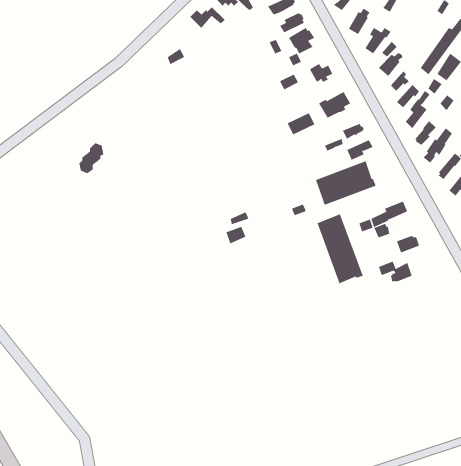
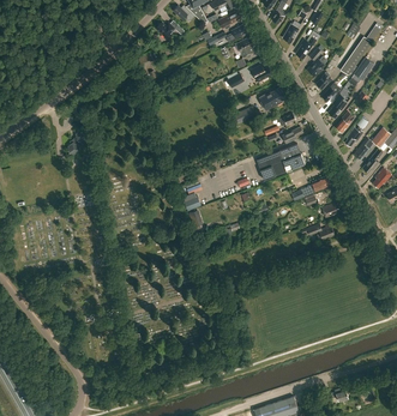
building: [317,214,364,284] -> none

